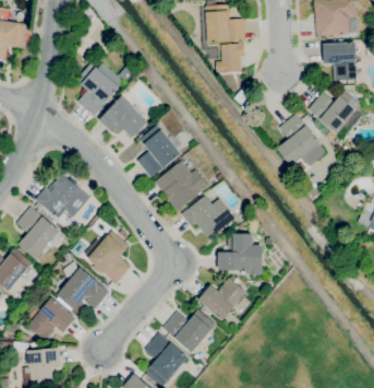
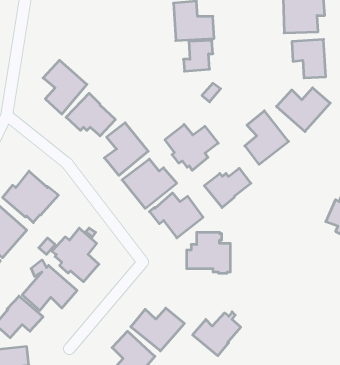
building: none -> [165,124,218,170]
building: none -> [204,168,251,208]
building: [198,277,246,320] -> [193,312,241,356]

